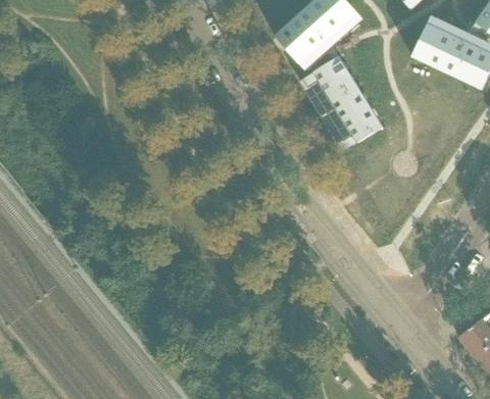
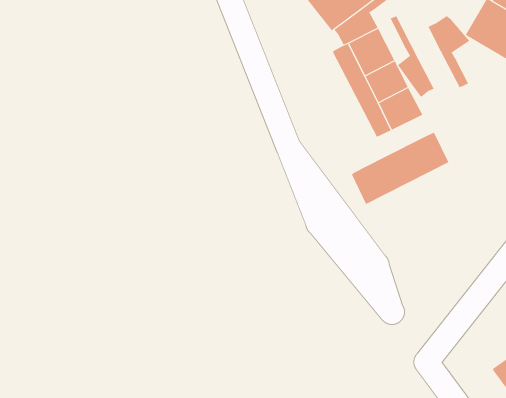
building: none -> [428,15,470,88]
building: none -> [390,15,434,98]
building: none -> [351,132,449,205]

